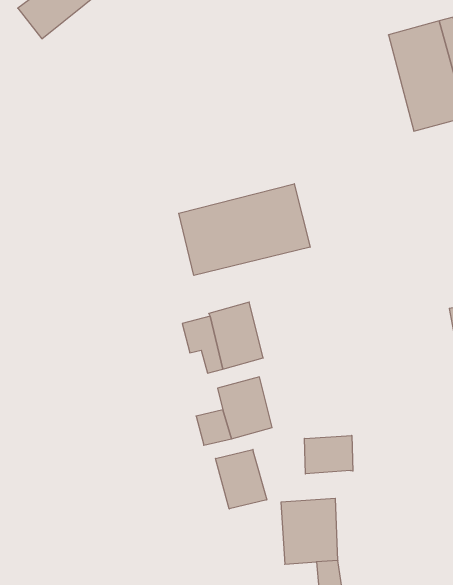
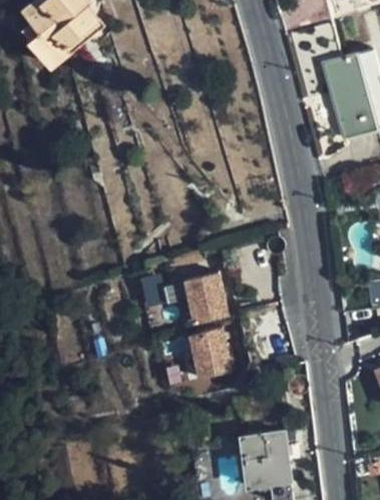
building: [179,184,310,275] -> none
building: [304,435,353,474] -> none
building: [216,449,267,509] -> none

